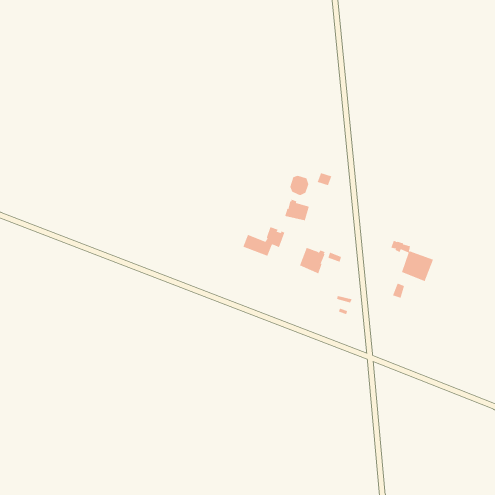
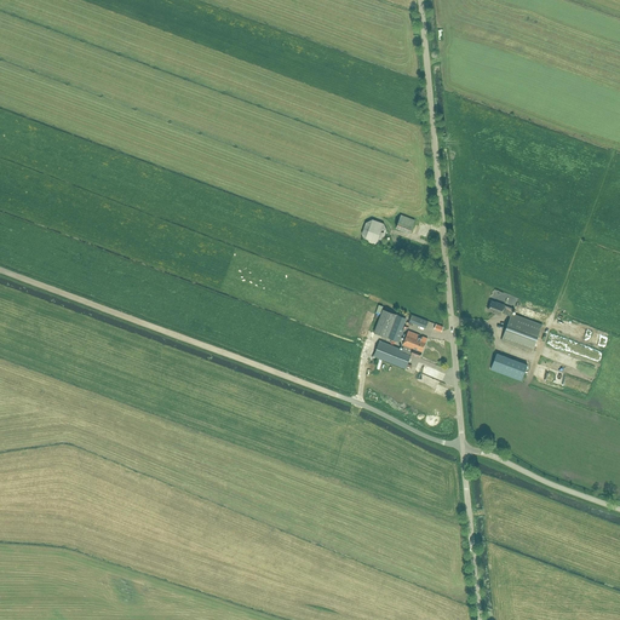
building: [285,199,310,221] -> none
building: [243,227,285,257] -> [374,331,427,368]

